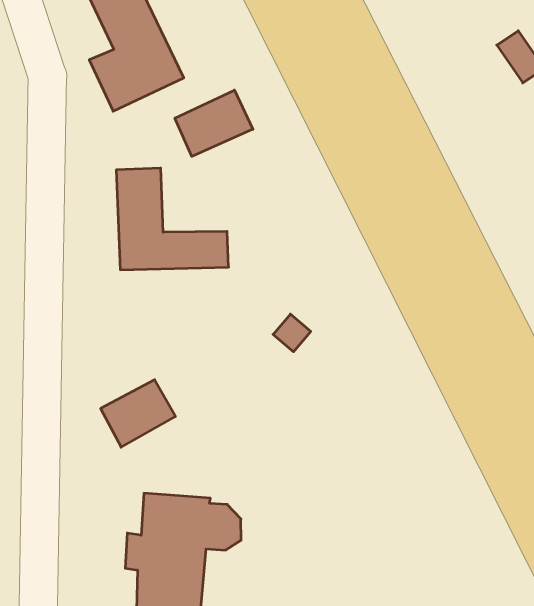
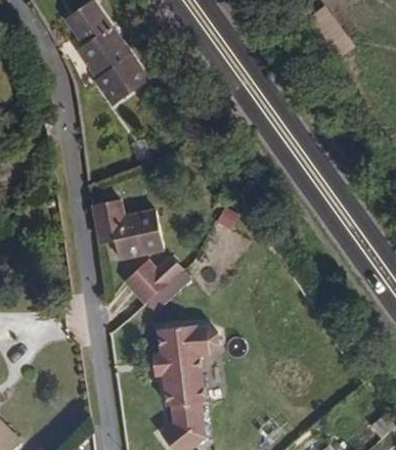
building: [175,90,253,156] -> none
building: [116,168,229,270] -> [94,201,168,264]

